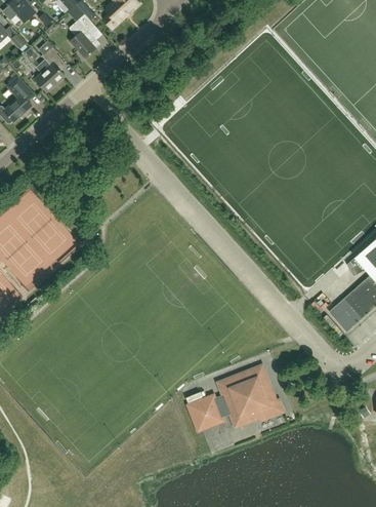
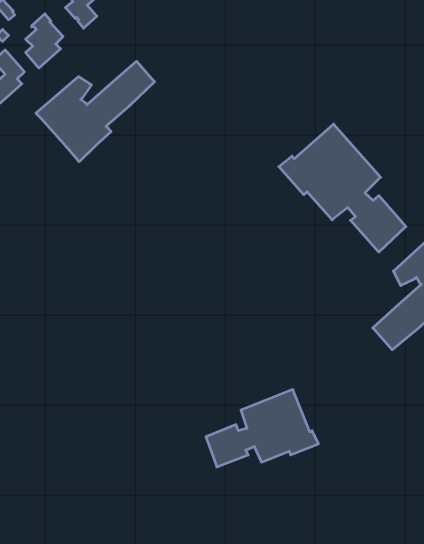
building: none -> [36,61,155,162]
building: none -> [279,124,406,252]

